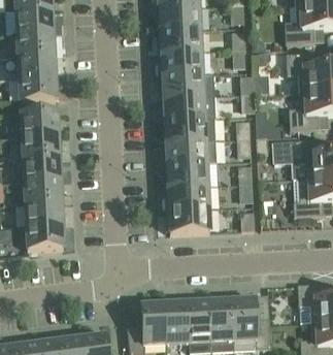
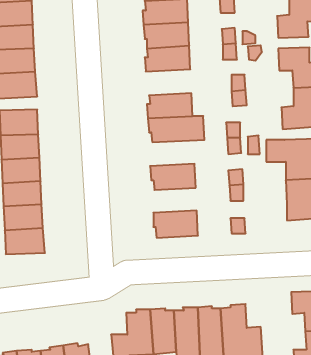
building: [160,73,203,98] -> none
building: [164,140,217,165] -> none
building: [166,186,208,209] -> none

